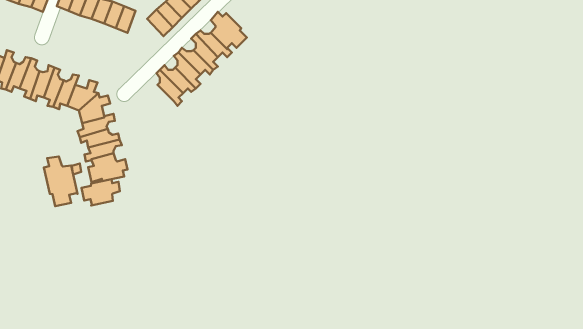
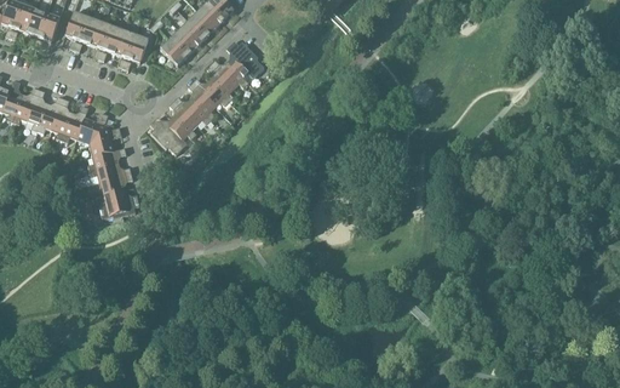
building: none -> [151,115,189,154]
building: [44,157,77,206] -> none
building: [82,179,120,206] -> none

